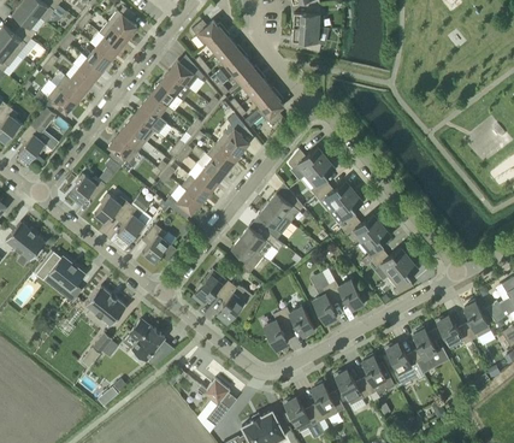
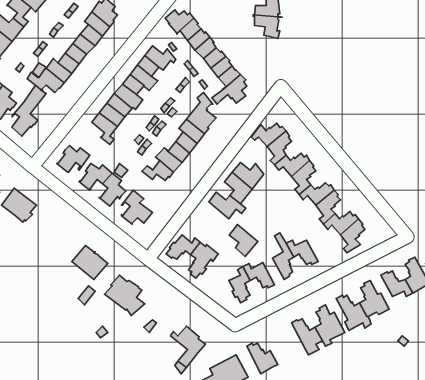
building: [231,237,264,273] -> [229,225,258,256]
building: [48,255,85,302] -> none
building: [311,380,344,421] -> none

